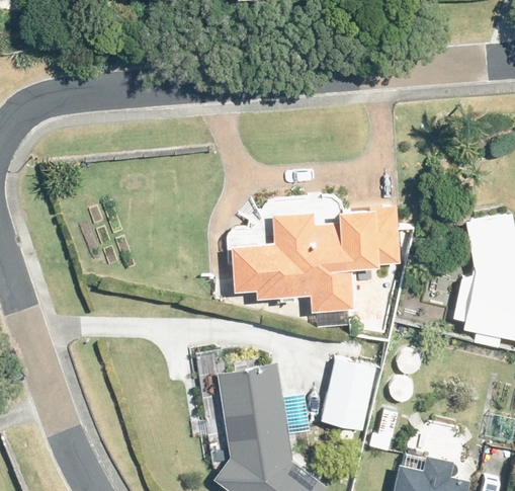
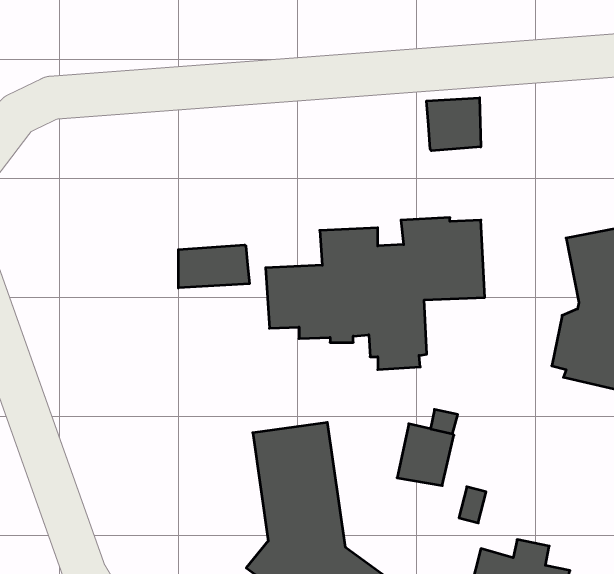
building: none -> [427,98,481,151]
building: none -> [178,245,249,288]

